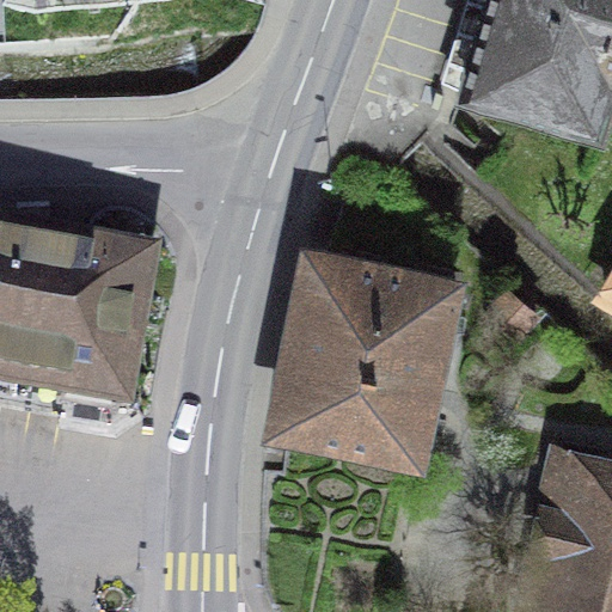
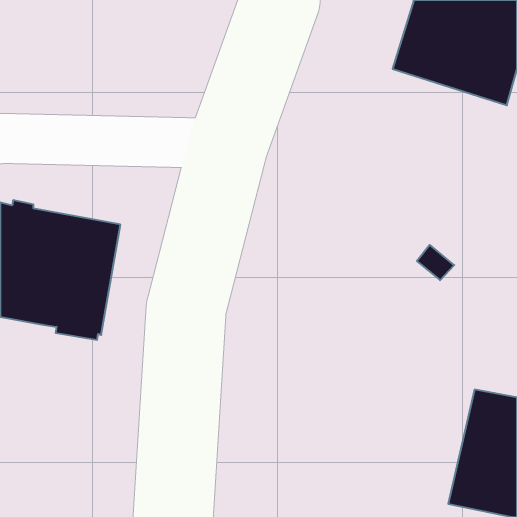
building: [288,264,459,439] -> none

